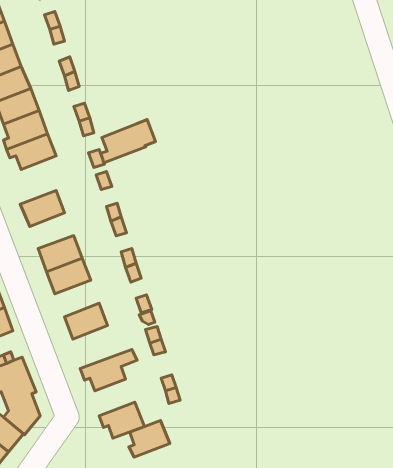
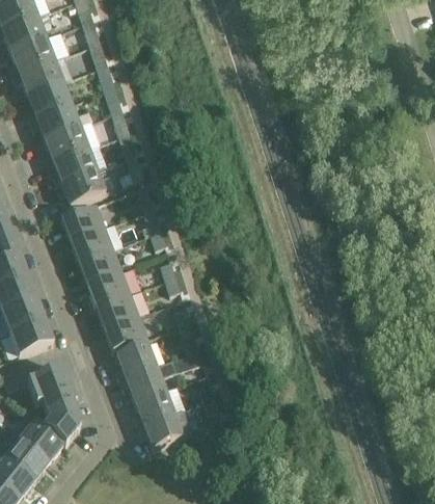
building: [101,119,155,163] -> [61,163,115,206]
building: none -> [71,223,113,259]
building: none -> [96,290,139,326]
building: none -> [116,340,157,377]
building: [129,420,170,457] -> [134,388,174,424]

